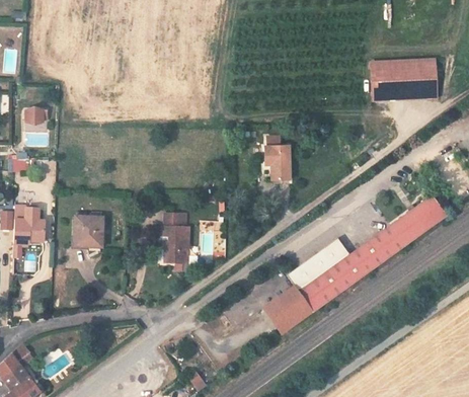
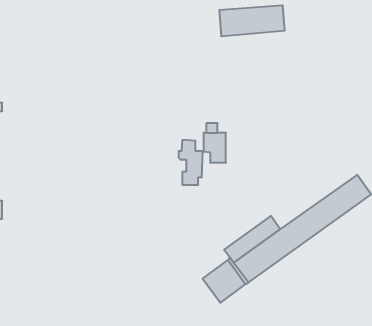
building: [368,63,439,96] -> [219,5,285,36]
building: [163,214,189,262] -> [179,140,203,185]
building: [73,217,100,251] -> none

